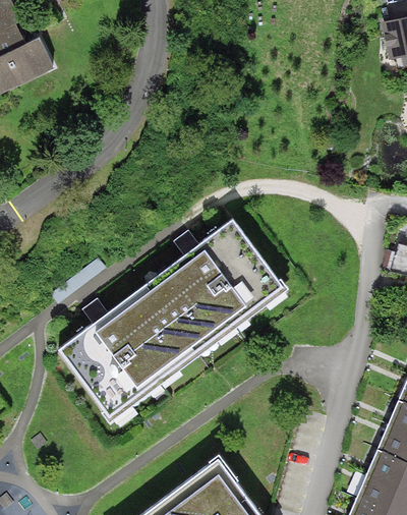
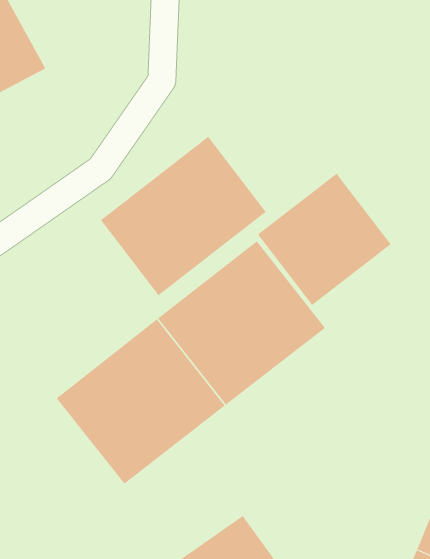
building: none -> [100,136,267,296]
building: none -> [257,173,392,306]

